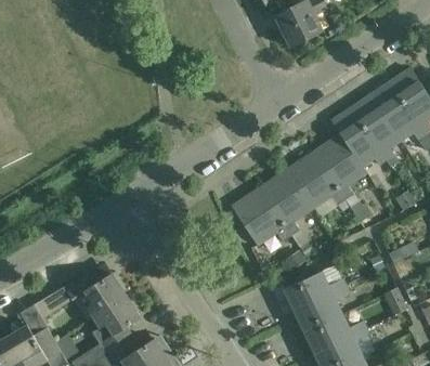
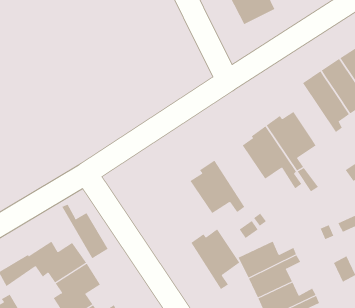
building: [331,107,386,166] -> none
building: [260,172,312,236] -> [190,228,240,290]
building: none -> [61,204,108,259]

